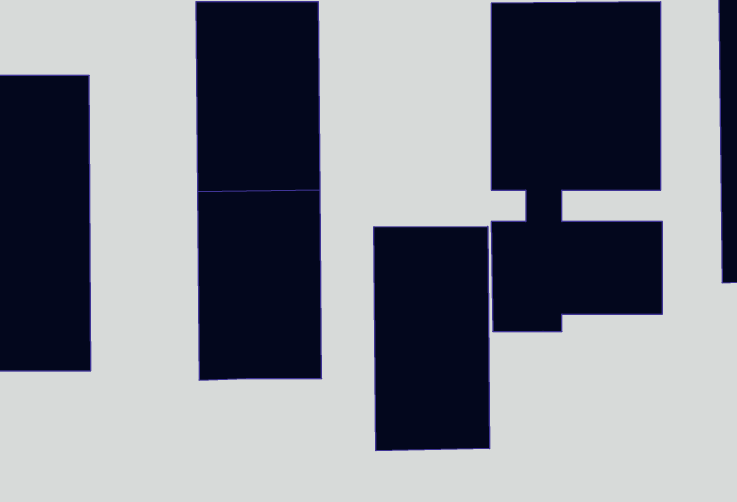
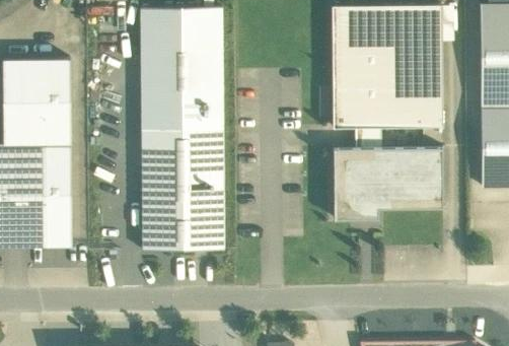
building: [374,226,490,451] -> none

